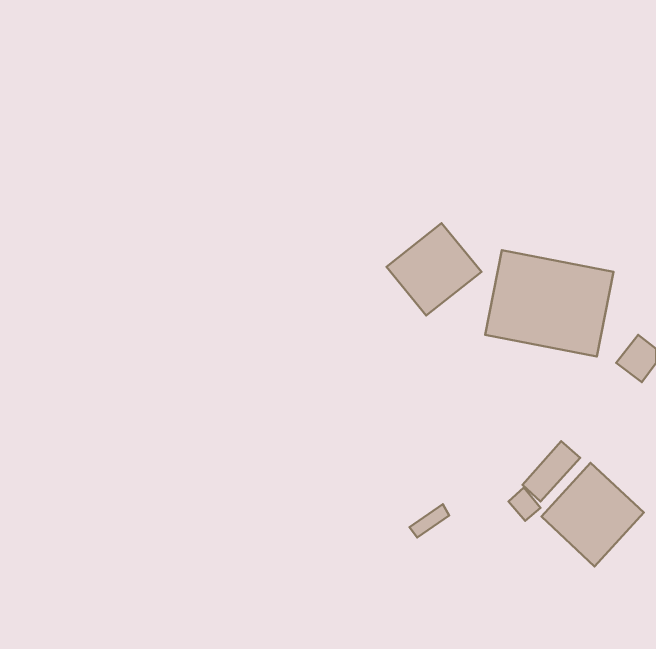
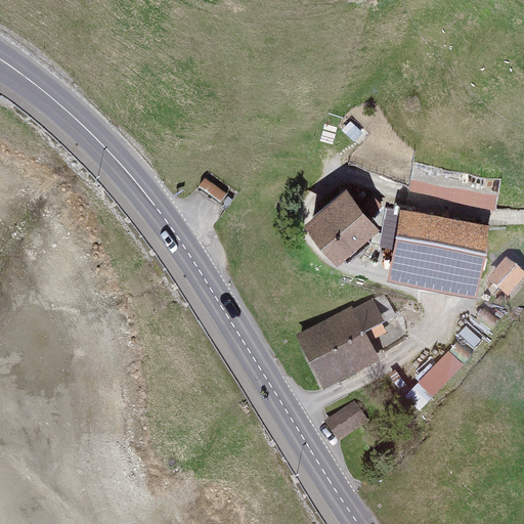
building: none -> [298,306,391,394]
building: [541,463,644,566] -> none

